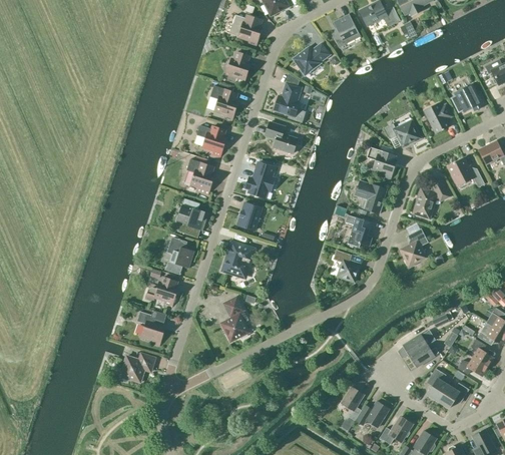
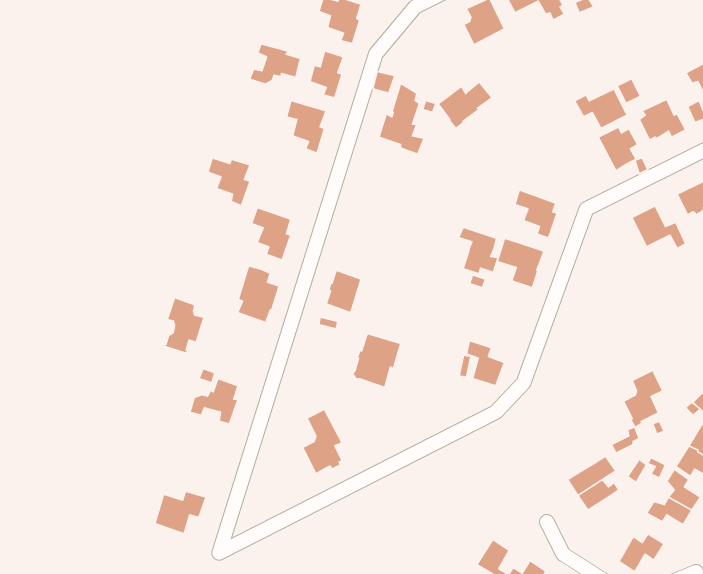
building: [293,43,330,75] -> [438,82,492,129]
building: none -> [250,44,301,84]
building: [385,119,421,146] -> [575,89,627,128]
building: [265,121,298,153] -> none
building: [196,124,225,157] -> [208,158,250,206]
building: [245,161,275,197] -> none
building: [413,178,449,218] -> none
building: [345,214,372,247] -> [459,227,498,274]
building: [401,227,428,267] -> [623,370,663,427]
building: [164,237,194,275] -> [163,298,207,353]
building: [221,241,255,278] -> [353,333,401,388]
building: [136,310,166,346] -> none
building: [427,368,448,401] -> none

